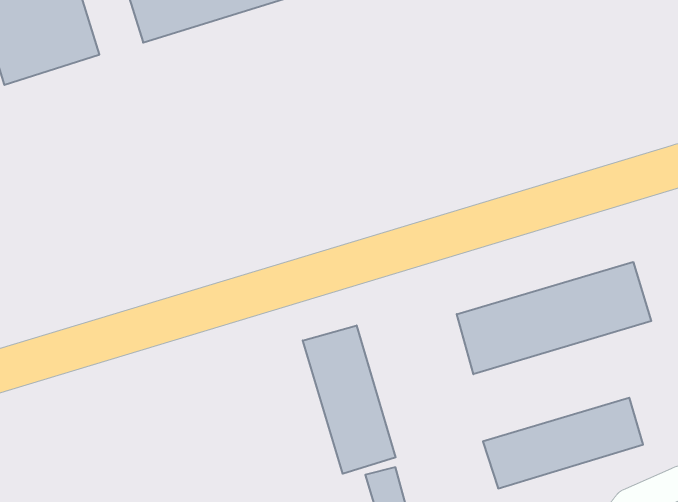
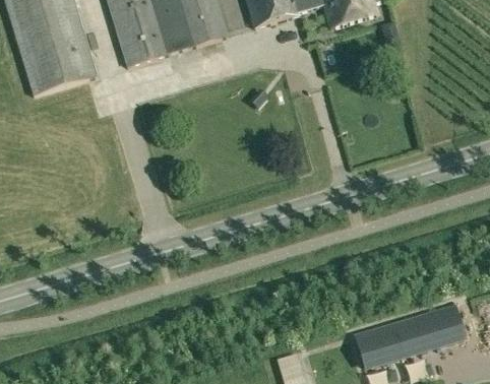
building: [457,262,651,374] -> none
building: [303,325,396,474] -> none

